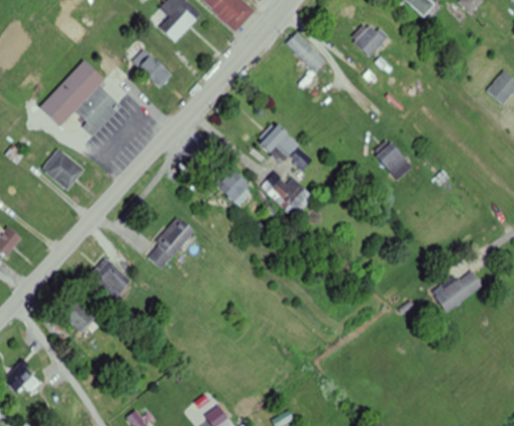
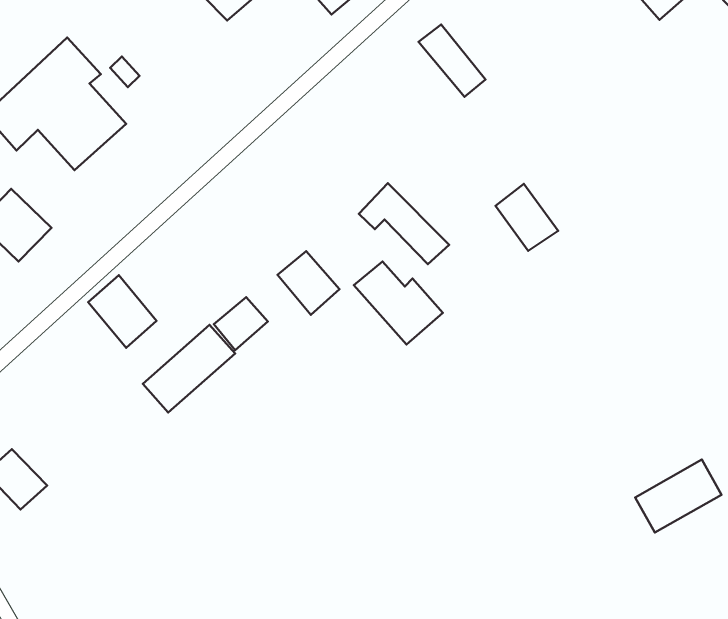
building: [350,21,385,55] -> none
building: [132,47,171,87] -> none
building: [376,141,413,180] -> [495,184,558,251]
building: none -> [214,297,268,350]
building: [90,256,130,298] -> [88,275,157,348]

